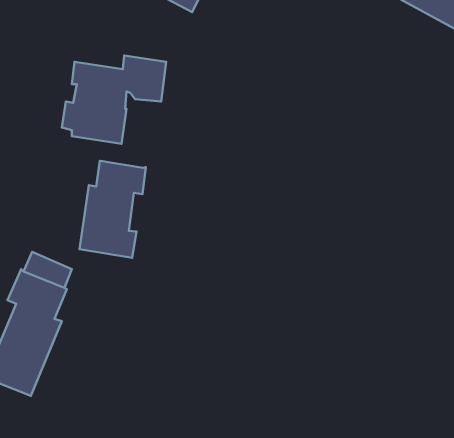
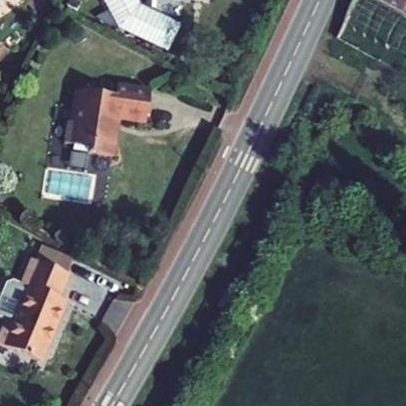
building: [79,161,146,258] -> none

